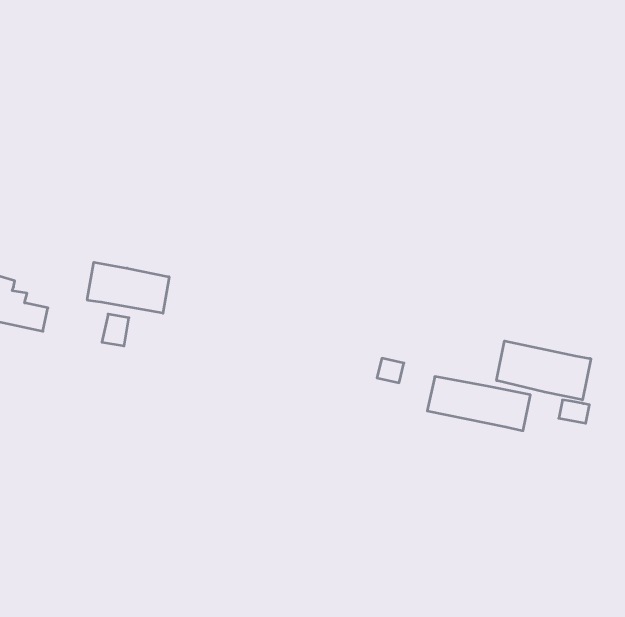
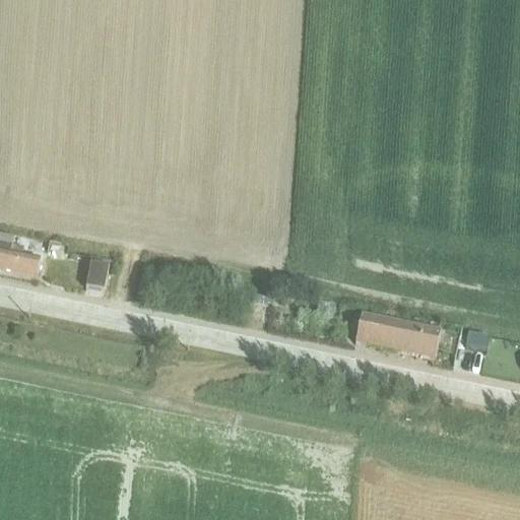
building: [87,262,169,313] -> none
building: [497,341,591,400] -> none

